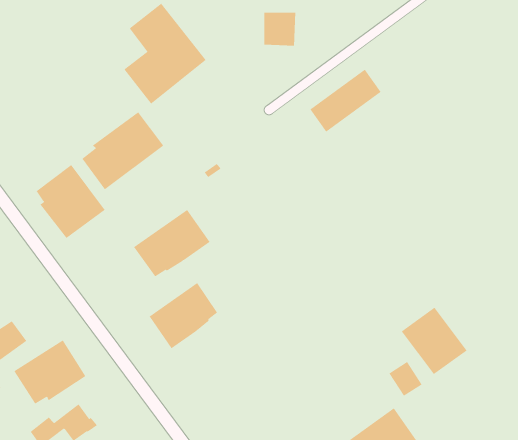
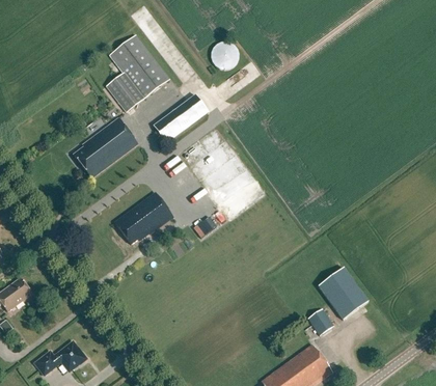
building: [309,69,381,133] -> [154,95,209,144]
building: [36,164,106,239] -> none
building: [149,282,218,349] -> none
building: [14,340,86,404] -> none

